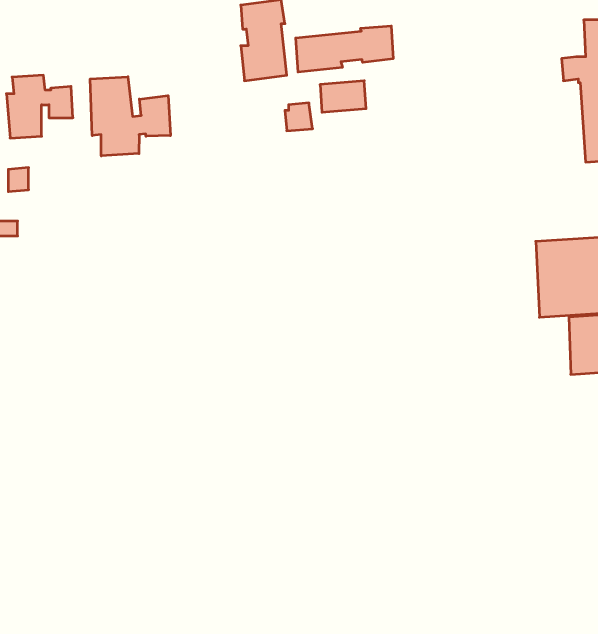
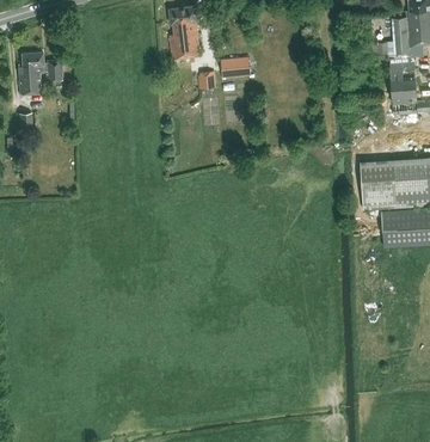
building: [296,26,393,72] -> none
building: [90,77,170,156] -> none

